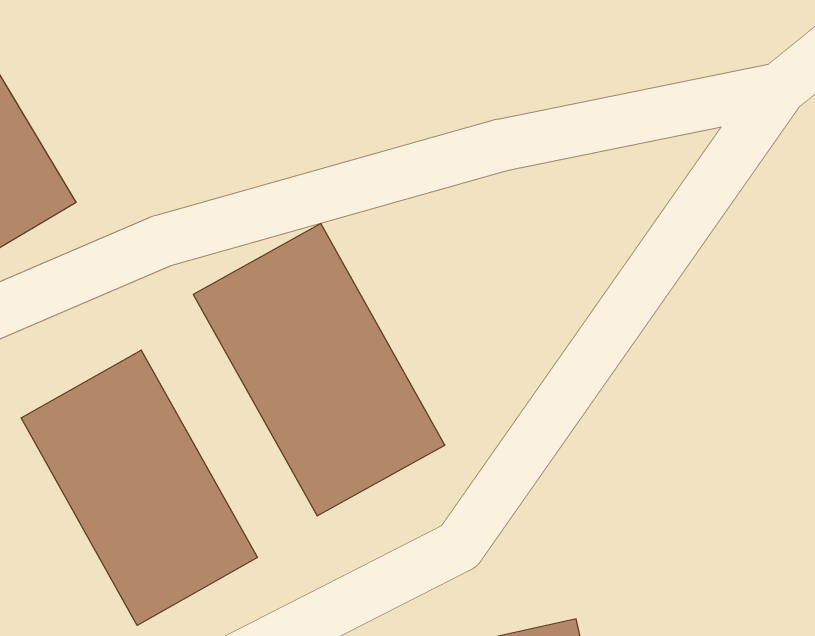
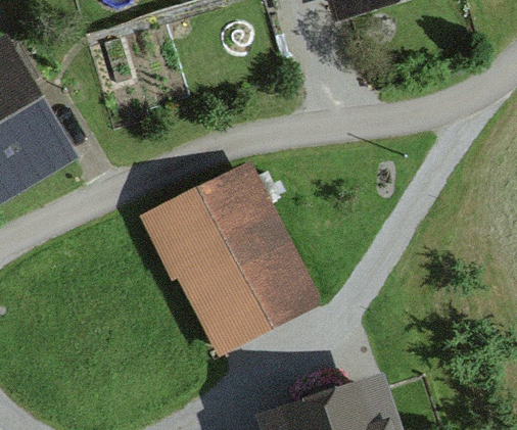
building: [21,350,257,625] -> none

